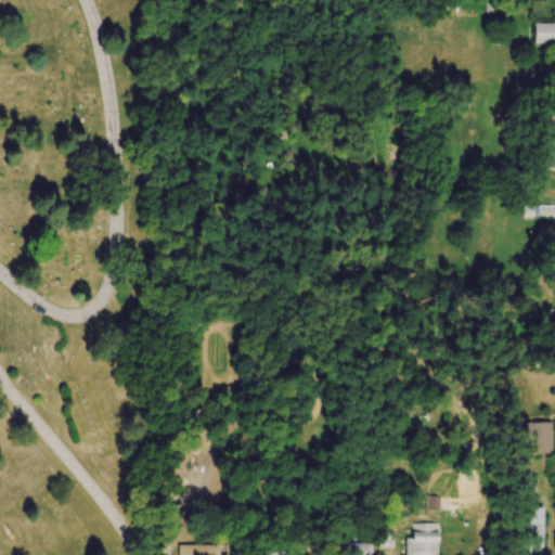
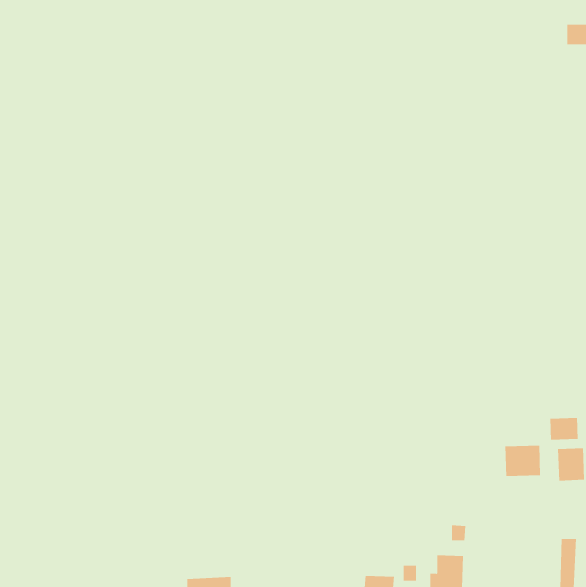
building: none -> [550,417,578,441]
building: none -> [505,445,541,477]

